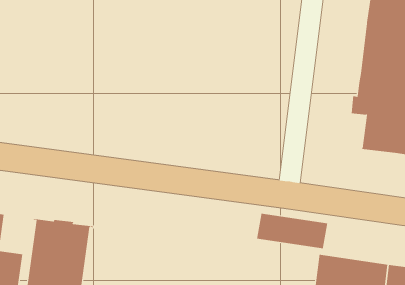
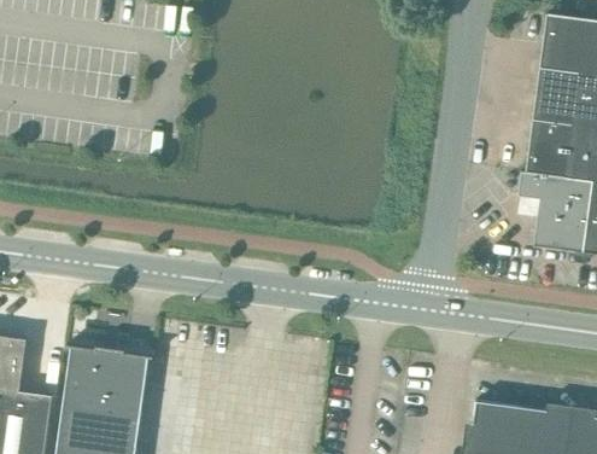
building: [257,213,328,249] -> none

